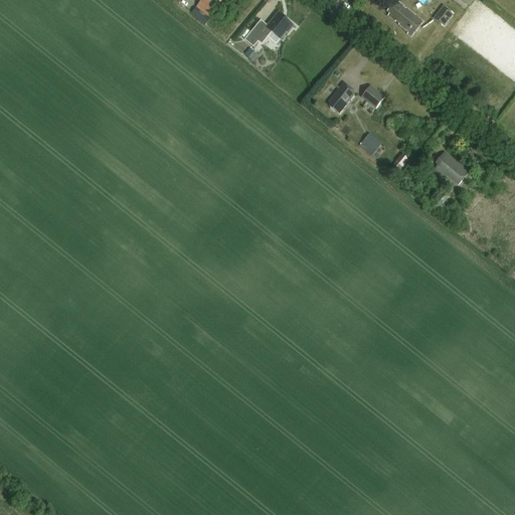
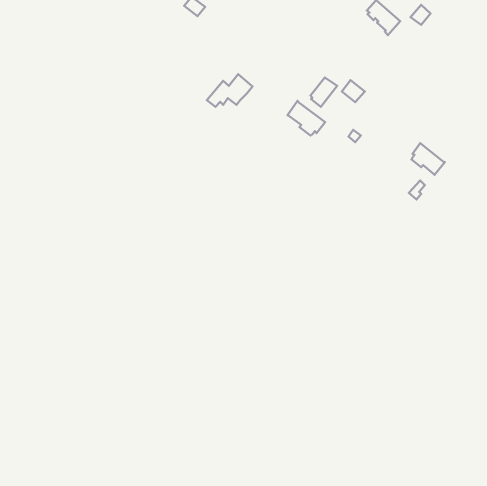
building: [243,11,292,45] -> [207,74,253,107]
building: none -> [287,101,325,136]

